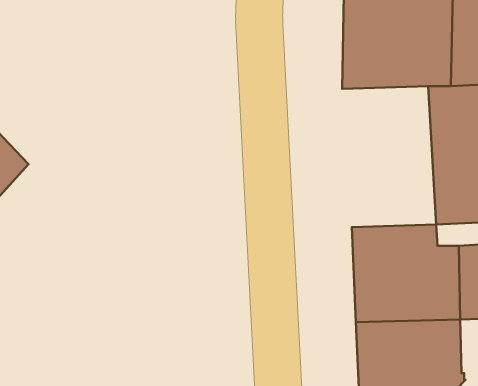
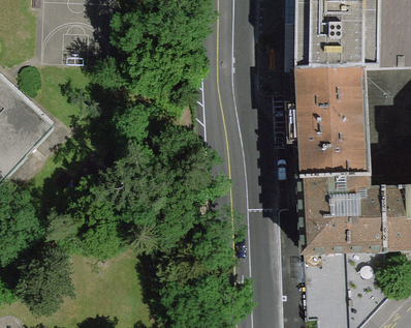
building: none -> [293,68,366,177]

